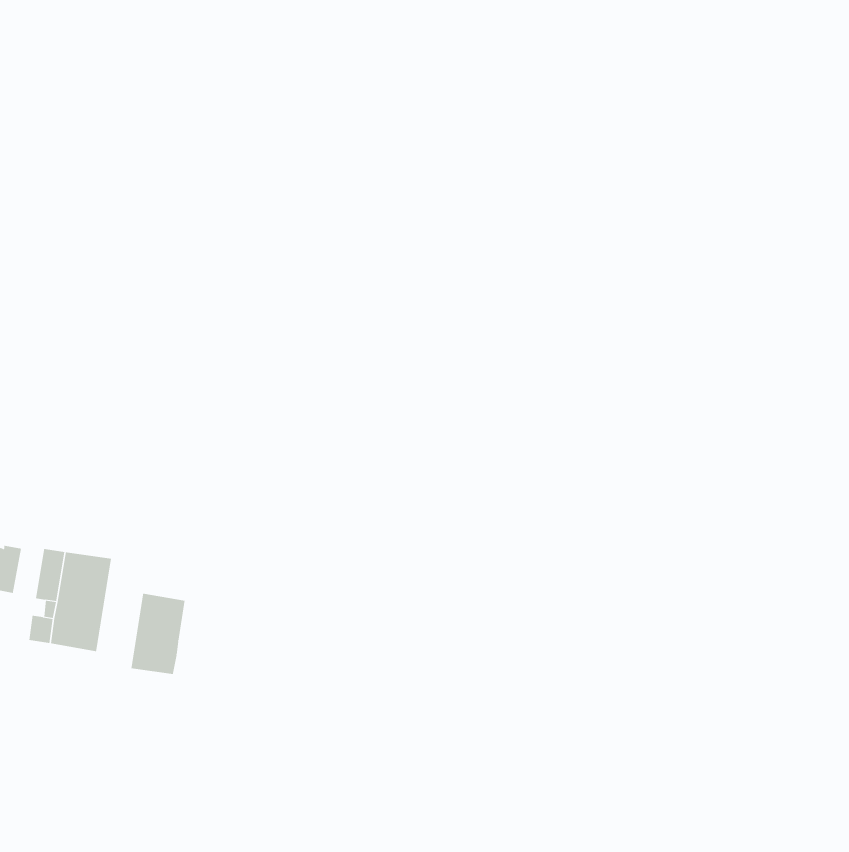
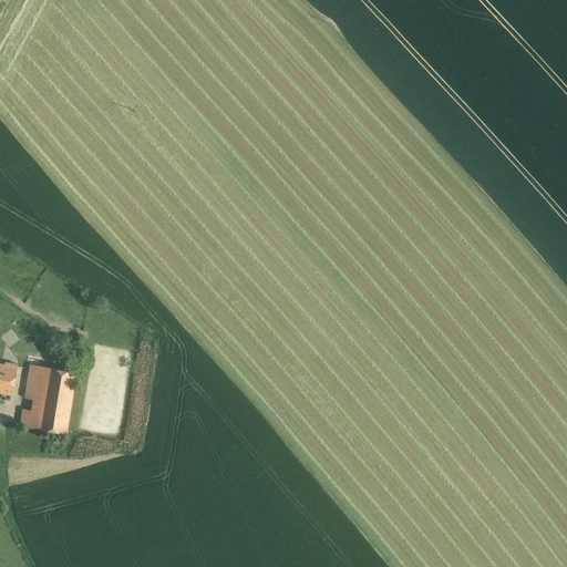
building: [131,593,185,675] -> none

